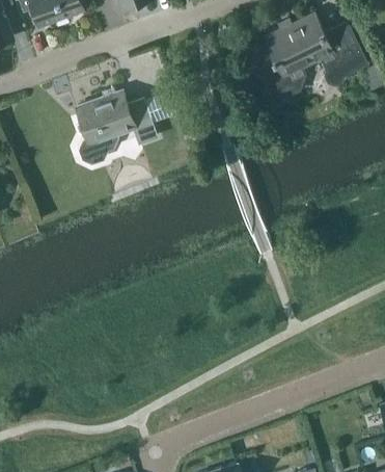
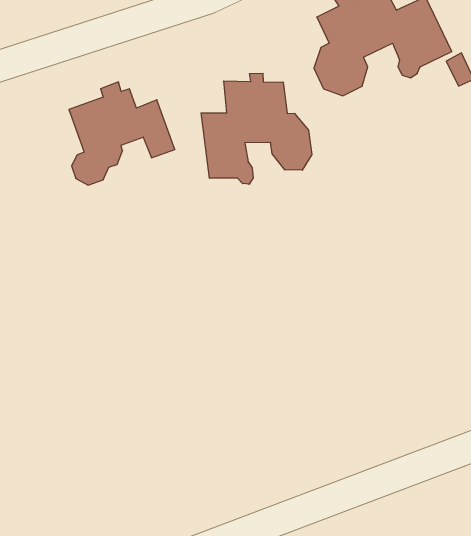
building: none -> [201,73,312,184]

